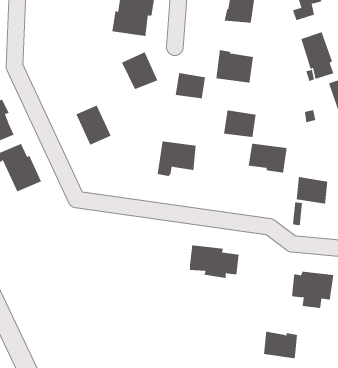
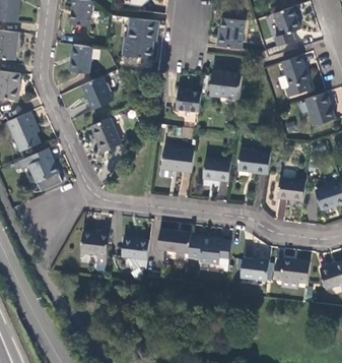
building: none -> [70,45,92,72]
building: [121,52,158,90] -> [82,76,114,109]
building: [223,110,257,137] -> [203,158,231,181]
building: none -> [157,229,191,253]
building: none -> [80,232,110,265]
building: none -> [122,237,149,261]
building: [263,331,298,359] -> [241,257,270,281]

